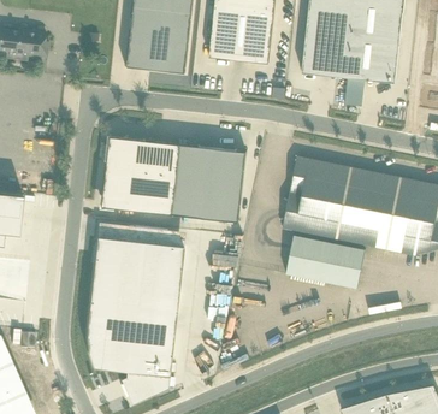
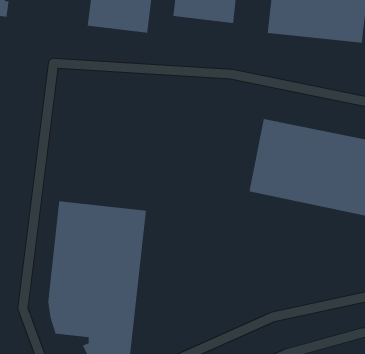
building: [100,136,247,223] -> none
building: [286,236,365,289] -> none

